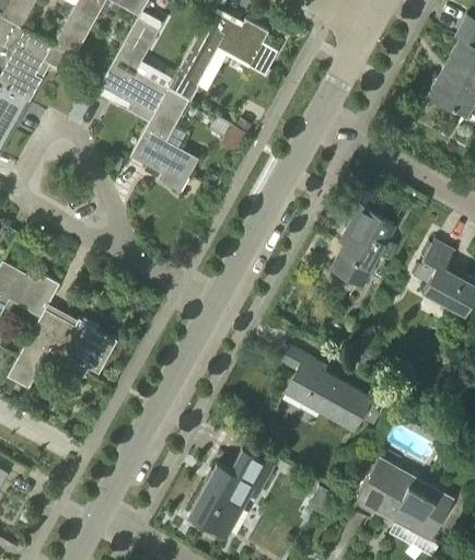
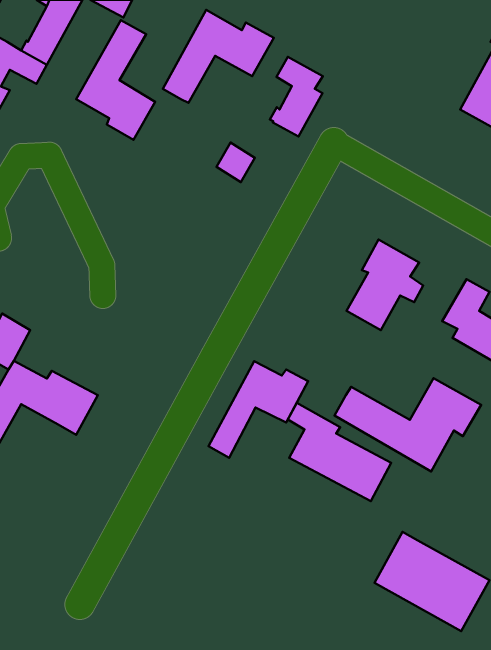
building: none -> [270,57,323,137]
building: [128,89,198,194] -> none
building: none -> [209,361,308,458]
building: none -> [335,378,481,471]
building: [190,448,274,535] -> none

